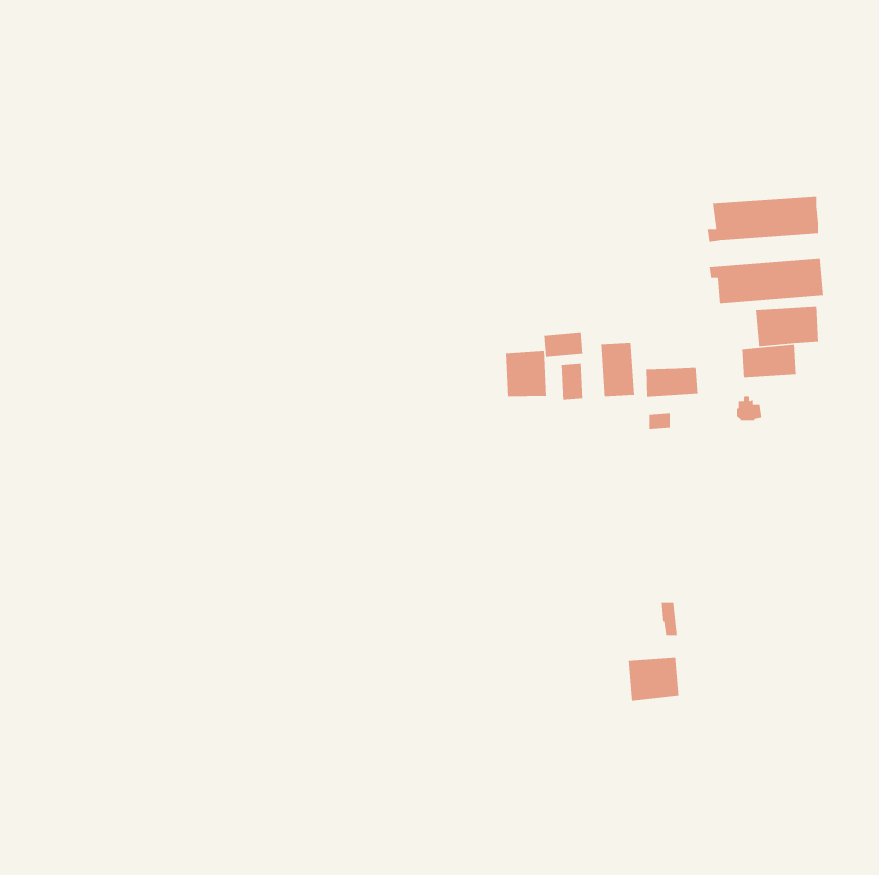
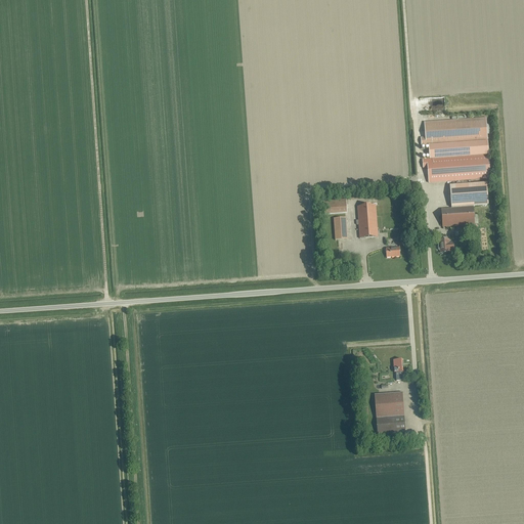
building: [505,350,547,397] -> none
building: [645,367,699,398] -> none
building: none -> [376,414,405,432]

